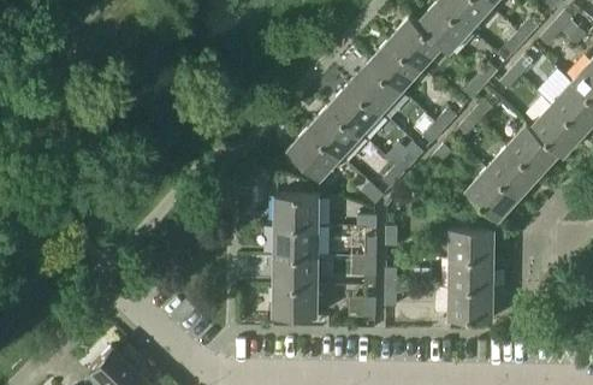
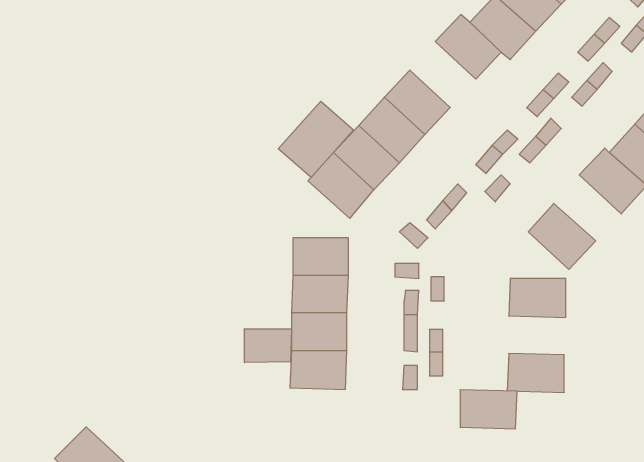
building: [369,41,422,94] -> none
building: none -> [278,101,354,178]
building: [485,148,539,201] -> none
building: [449,261,494,292] -> [460,390,517,429]
building: none -> [245,329,291,363]

